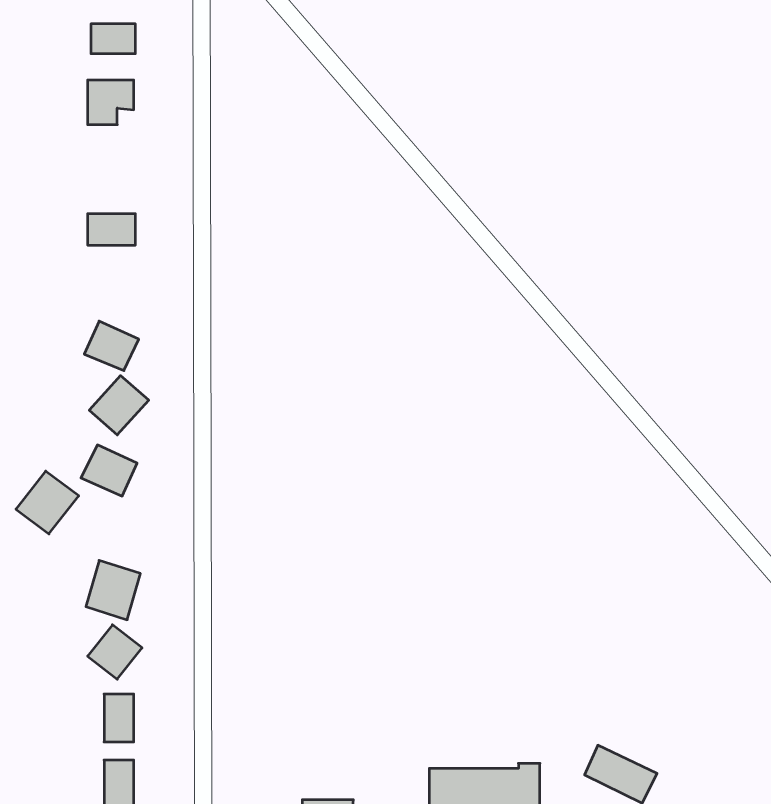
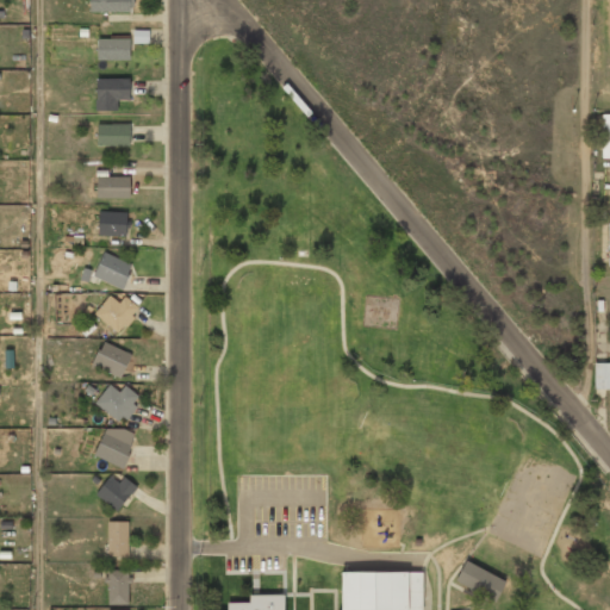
building: none -> [98,125,131,147]
building: none -> [99,212,127,235]
building: [16,471,79,534] -> [97,381,142,427]

